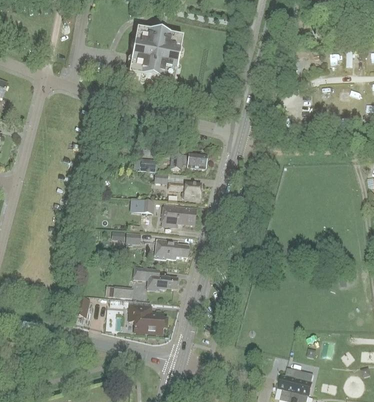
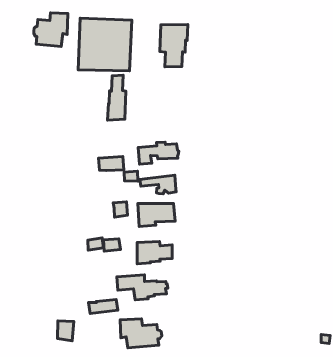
building: none -> [34,13,68,46]
building: none -> [160,24,188,67]
building: none -> [108,75,126,120]

